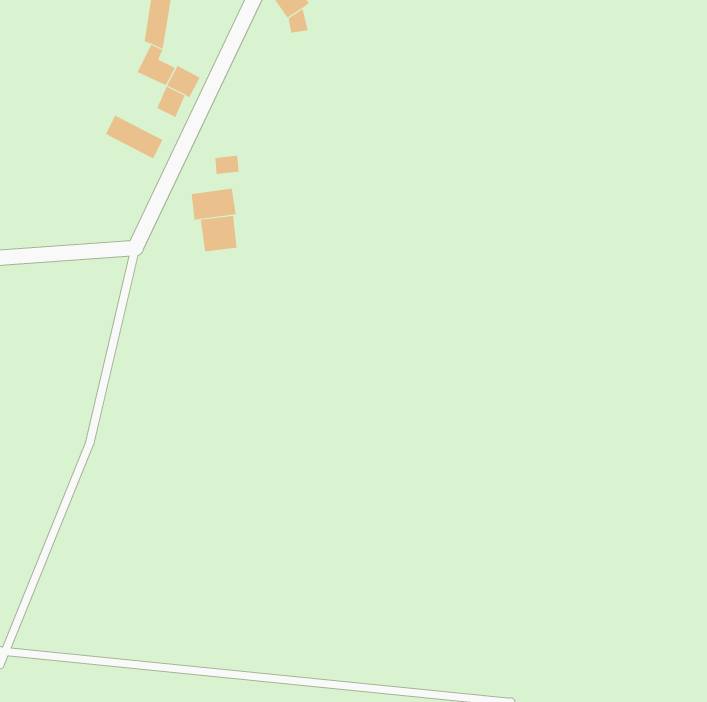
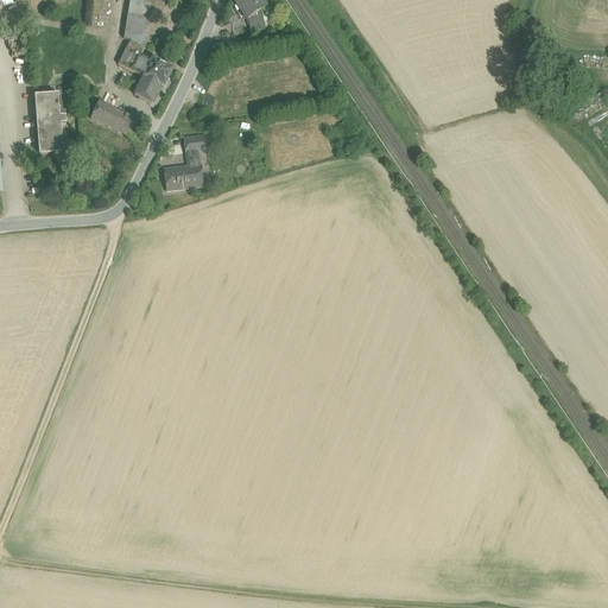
building: none -> [34,91,65,152]
building: [200,215,237,252] -> none

